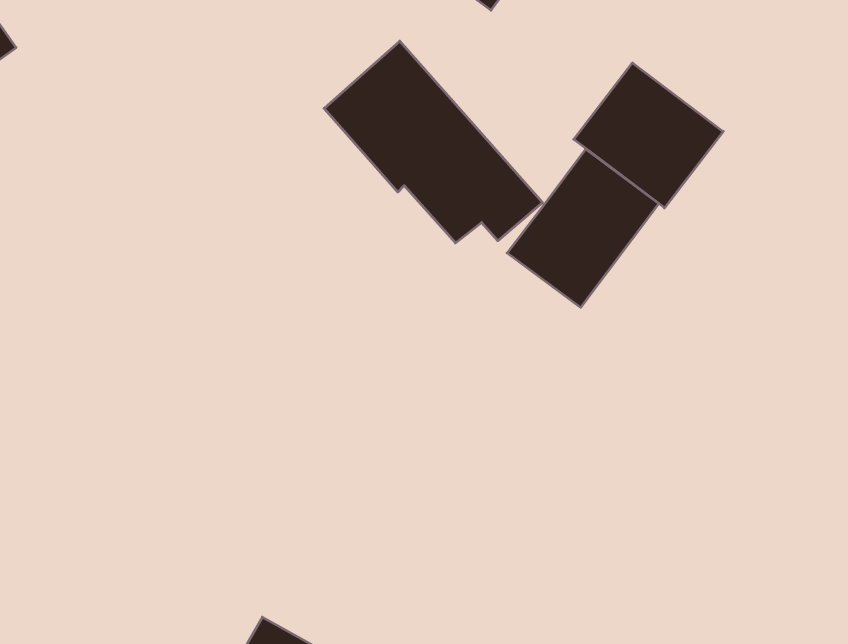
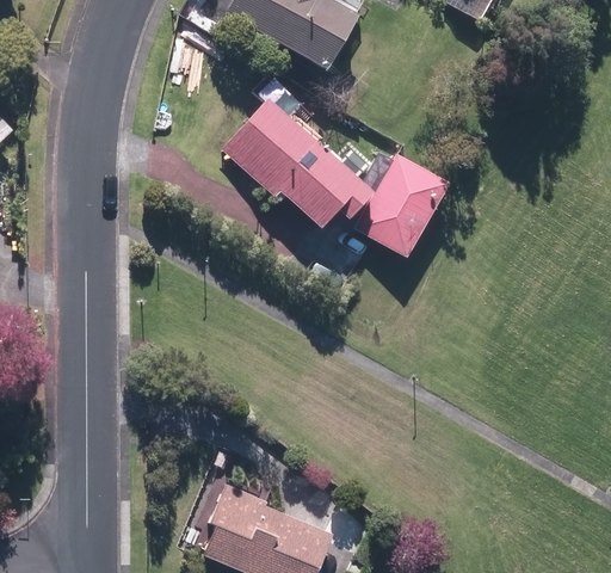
building: [574,63,723,208] -> none

